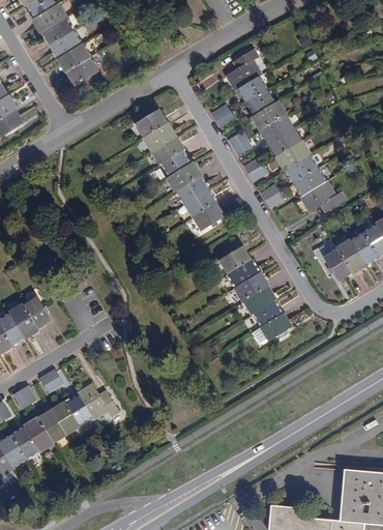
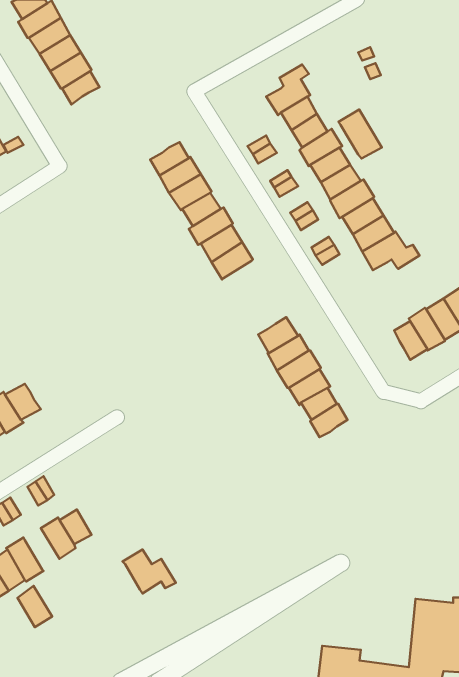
building: none -> [338,110,382,158]
building: [193,204,223,231] -> none
building: [77,385,118,419] -> [123,550,176,594]
building: [38,411,65,443] -> [18,586,52,627]

